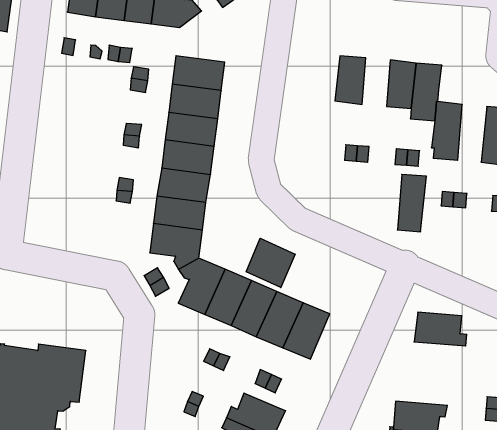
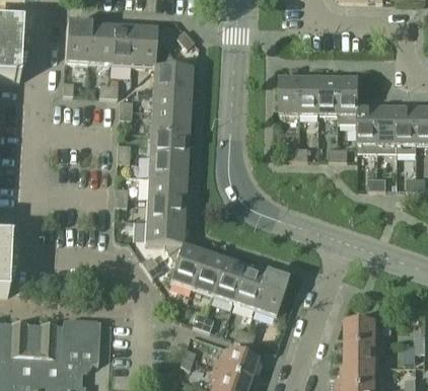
building: none -> [152,51,193,89]
building: none -> [300,77,319,113]
building: [397,174,426,232] -> [378,107,398,151]
building: [246,238,295,288] -> none
building: [414,312,467,346] -> [345,319,385,342]

